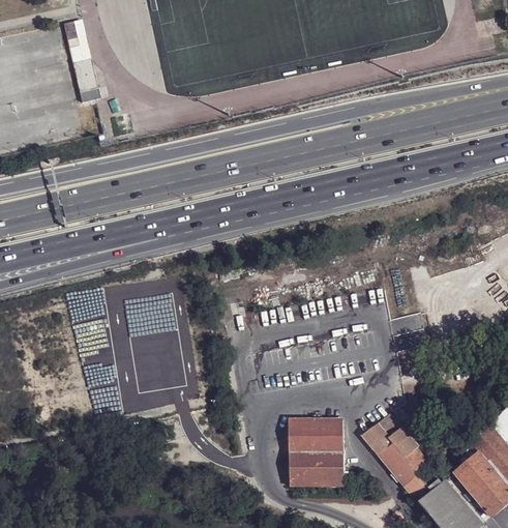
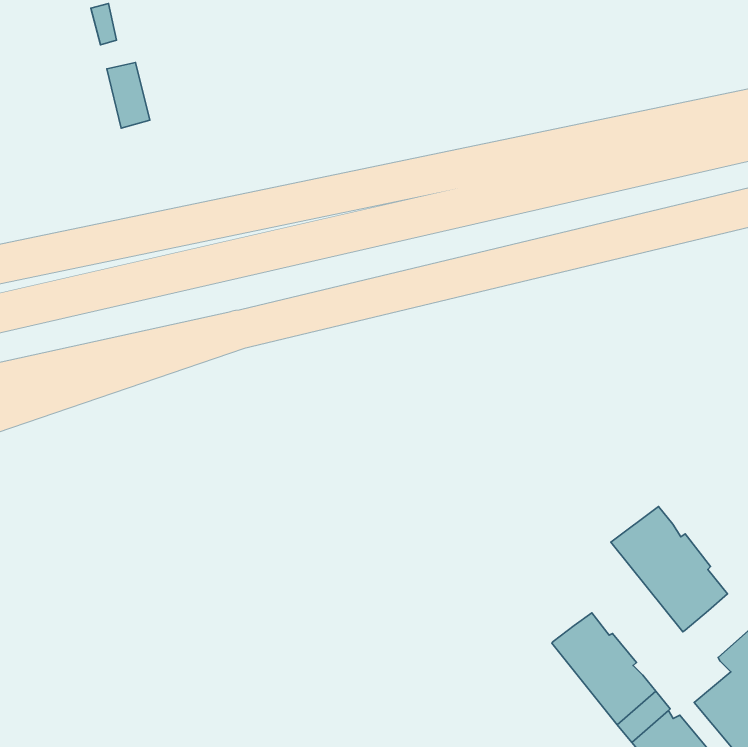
building: none -> [611,507,728,632]
building: [288,420,343,486] -> none

